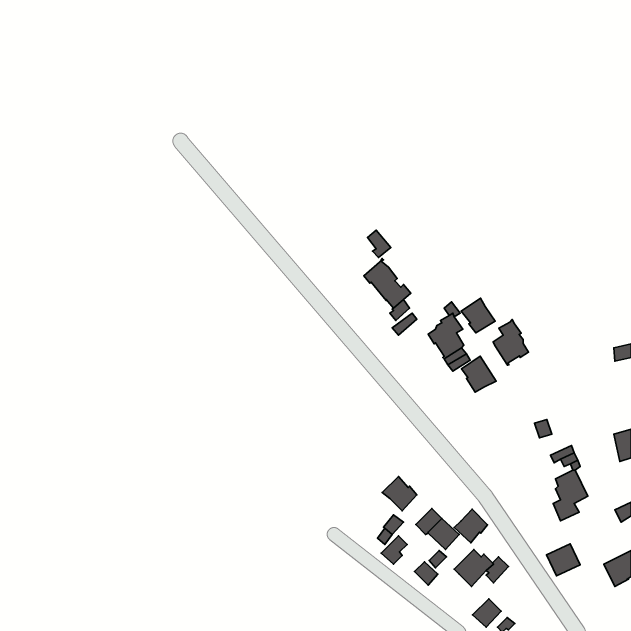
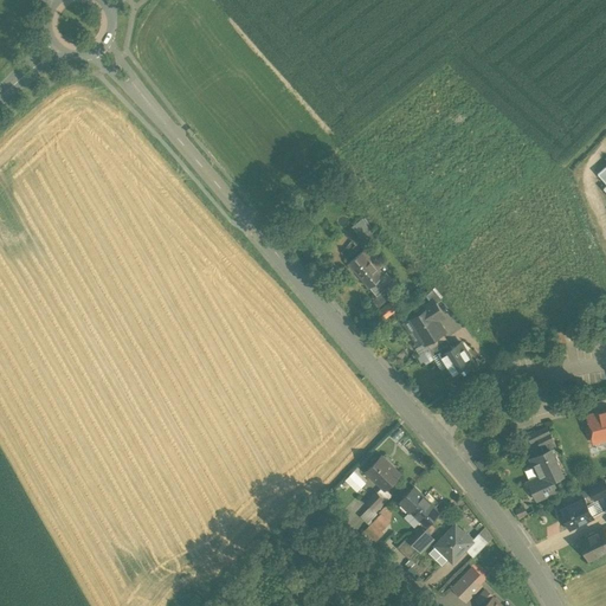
building: [461,298,495,333] -> none
building: [493,320,528,365] -> none
building: [454,509,488,543] -> none
building: [547,544,580,576] -> [560,498,592,529]

